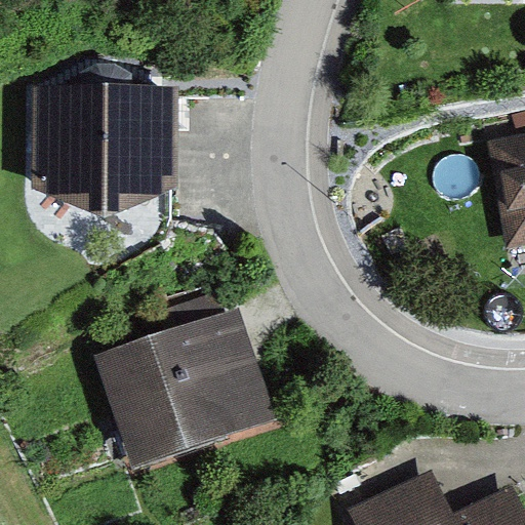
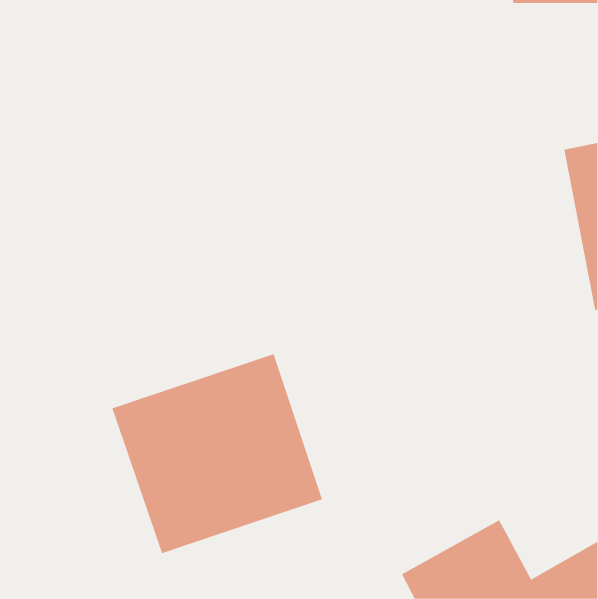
building: [27,96,172,229] -> none

